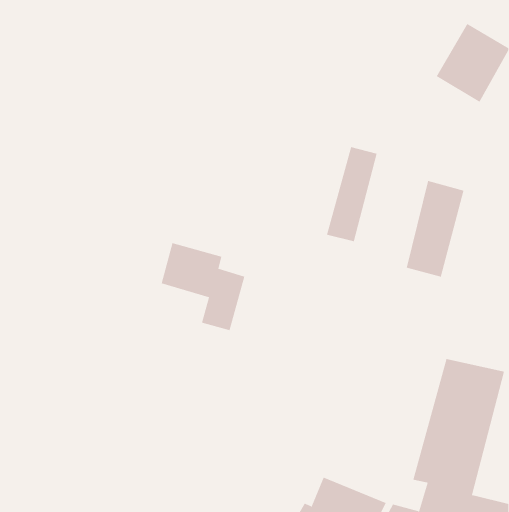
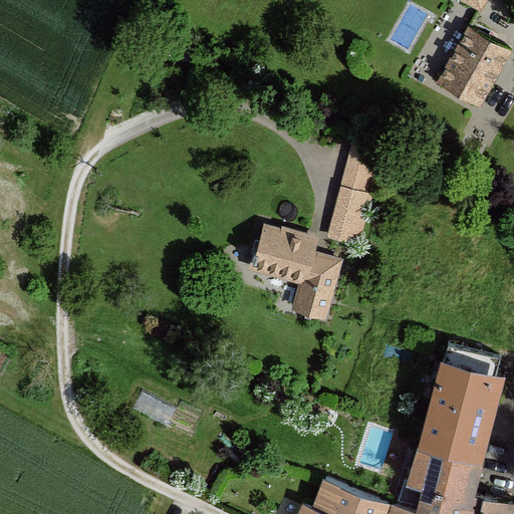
building: [406,180,464,277] -> none
building: [161,242,245,331] -> [253,226,337,314]

